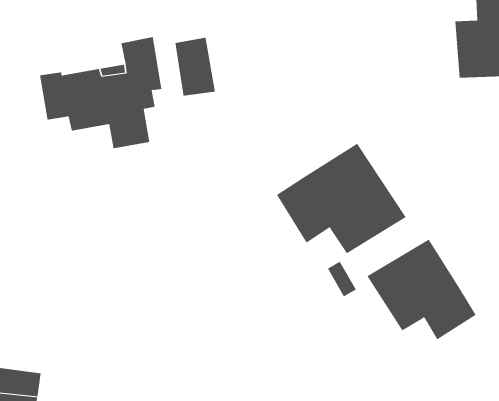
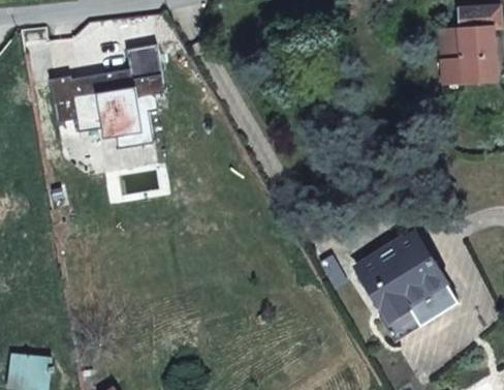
building: [175,37,216,96] -> none
building: [276,143,406,254] -> none

